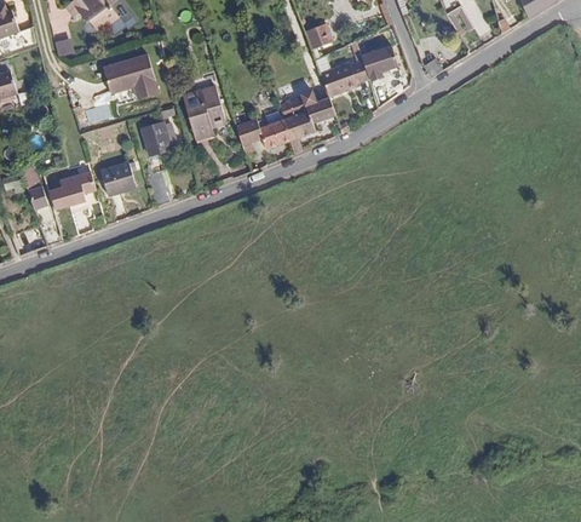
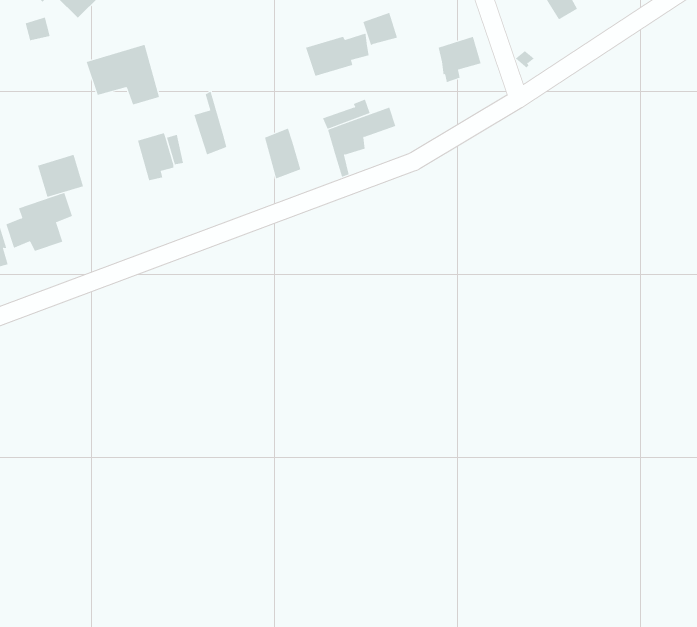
building: [323,67,372,99] -> [305,33,369,76]
building: [196,84,223,131] -> none
building: [258,117,289,148] -> none
building: [97,162,132,195] -> [37,154,84,198]

